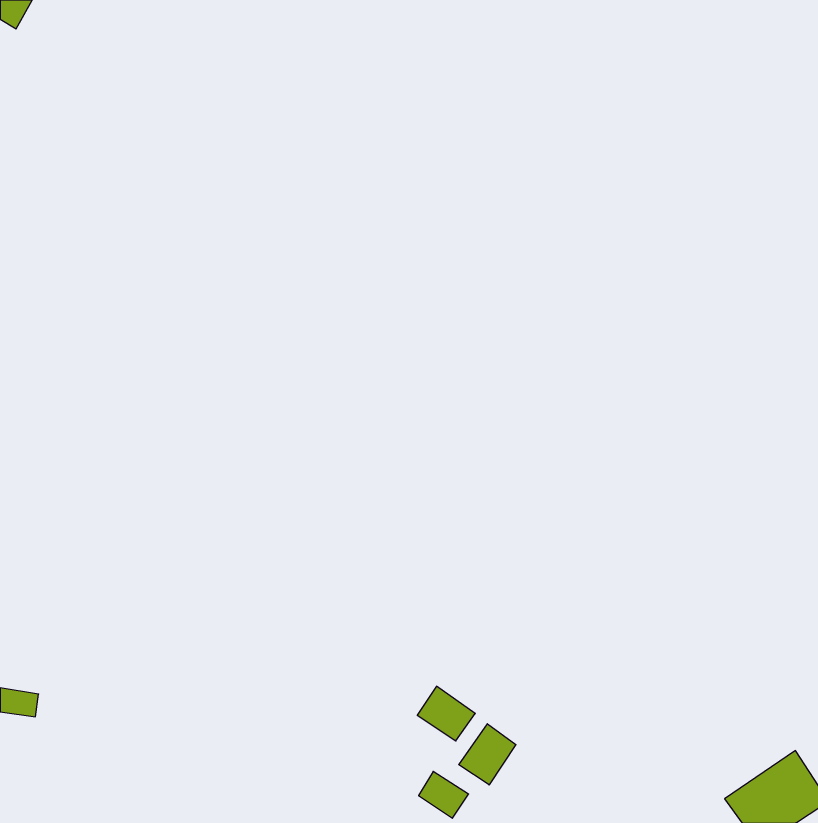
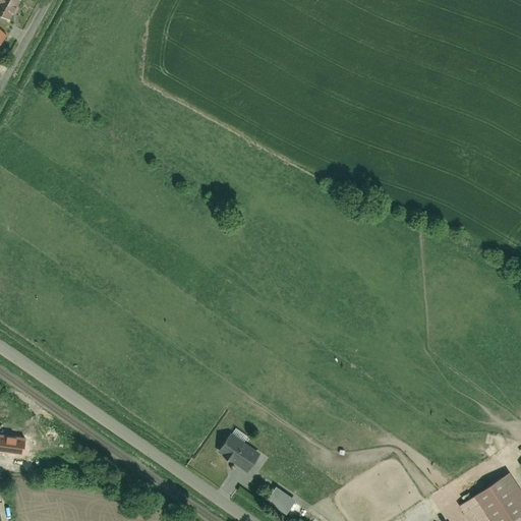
building: [417,686,475,741] -> [221,436,257,470]
building: [459,724,516,785] -> none

